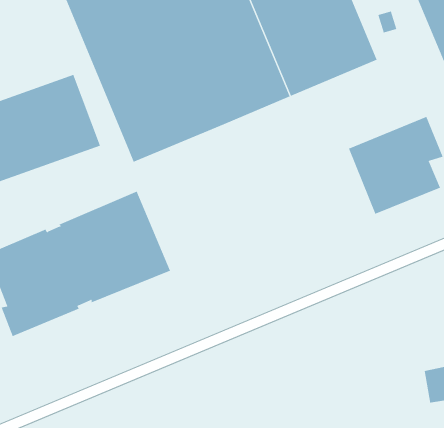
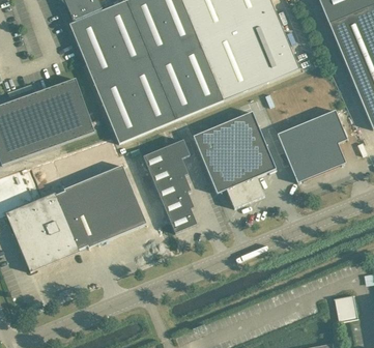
building: none -> [193,111,277,207]
building: none -> [143,139,197,232]

